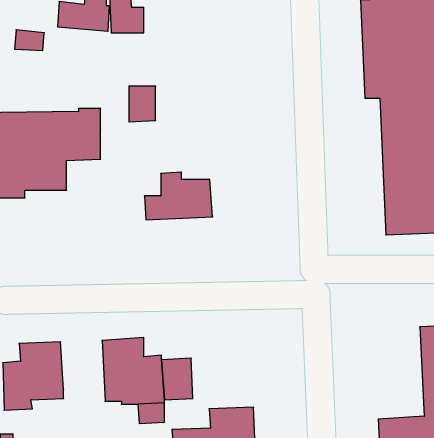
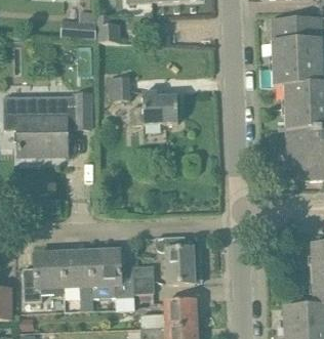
building: [144,172,213,220] -> [131,91,178,124]
building: none -> [156,237,199,284]
building: none -> [63,253,93,310]

